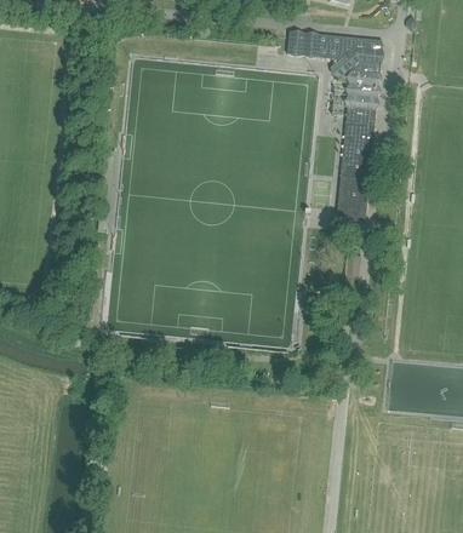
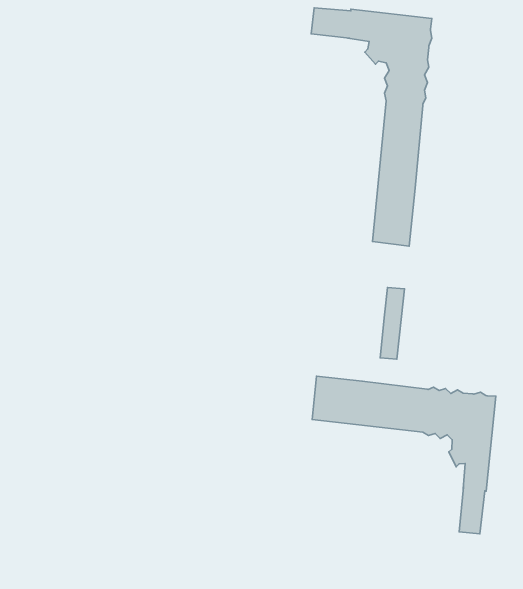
building: none -> [312,376,496,534]

